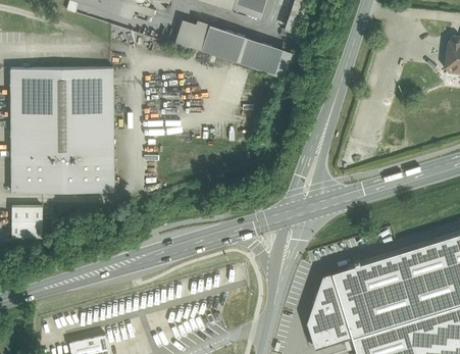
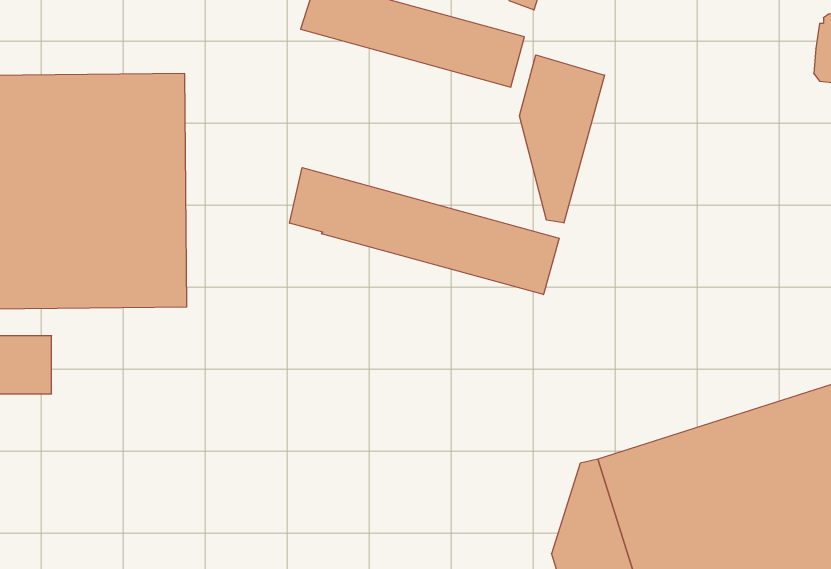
building: none -> [520,55,605,223]
building: none -> [290,168,559,295]

